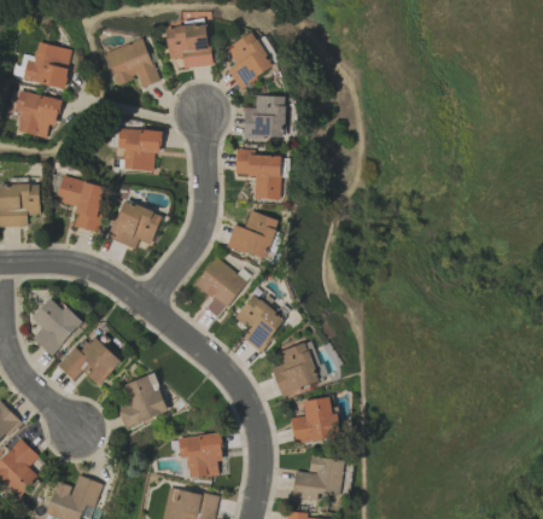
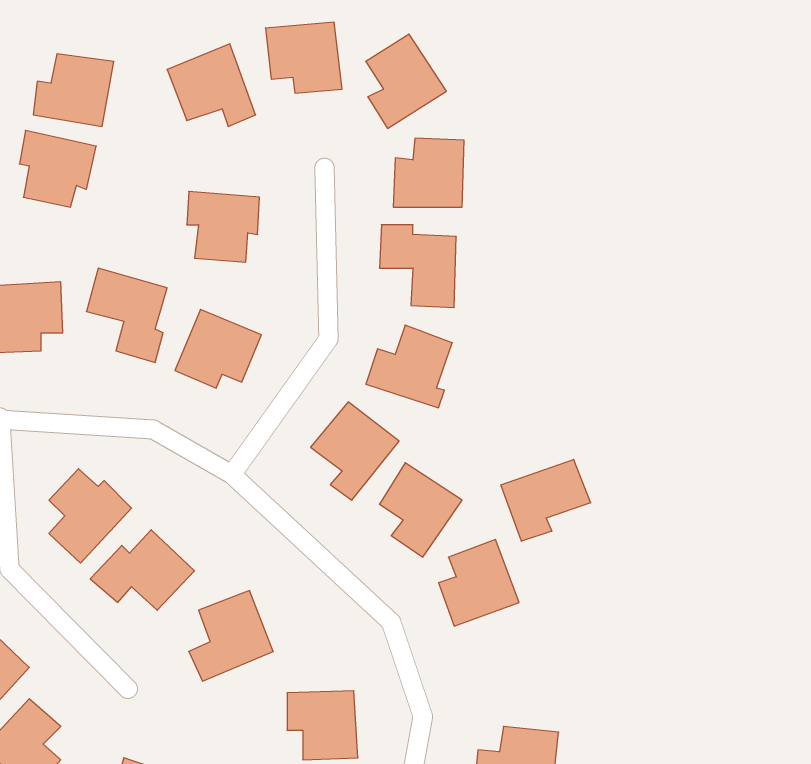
building: none -> [501,459,591,541]
building: [291,397,341,444] -> none

